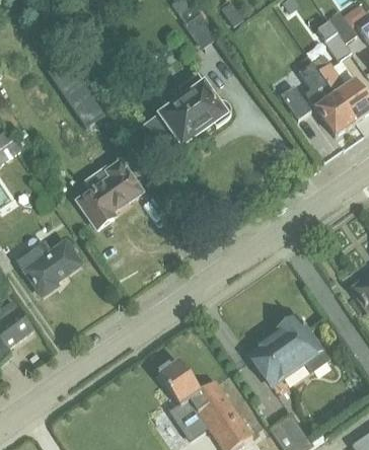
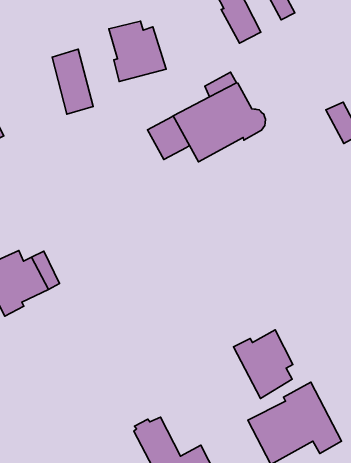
building: none -> [109,21,166,81]
building: [76,160,139,228] -> none
building: none -> [233,330,293,398]

